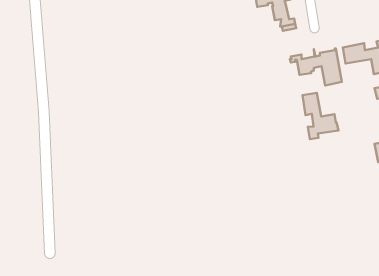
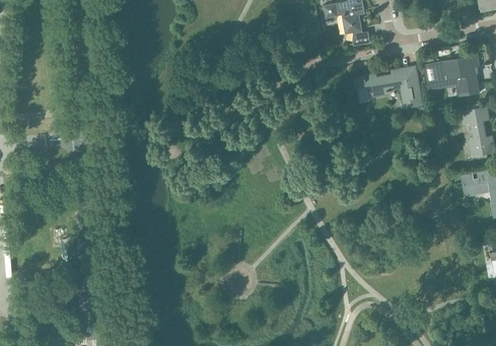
building: [303,93,339,139] -> none

